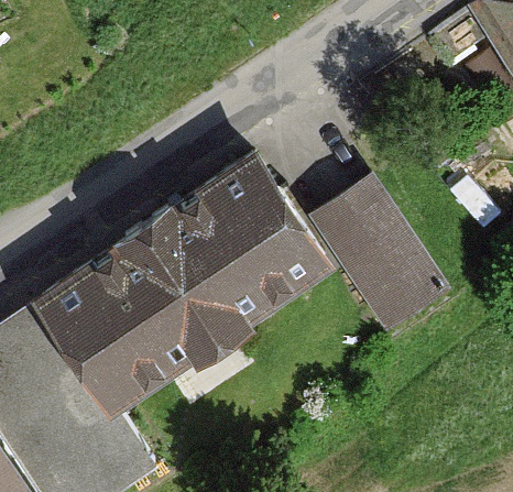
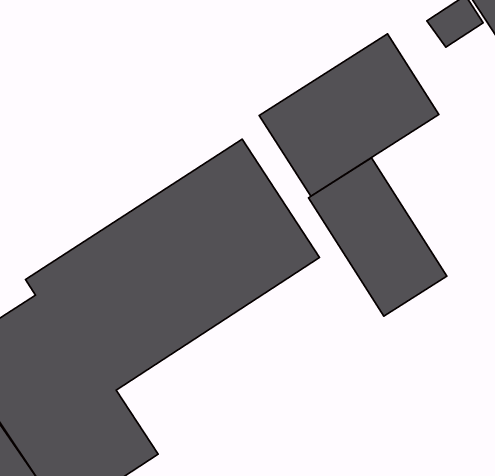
building: none -> [259,34,439,196]

